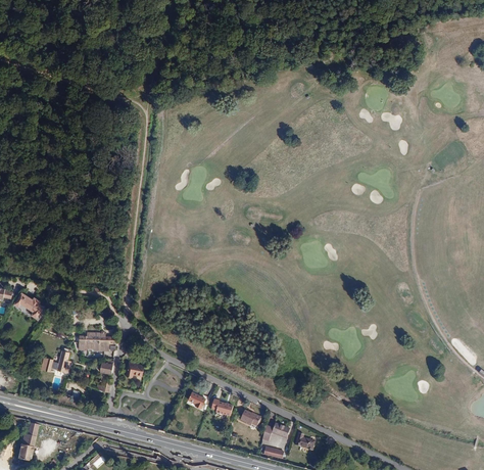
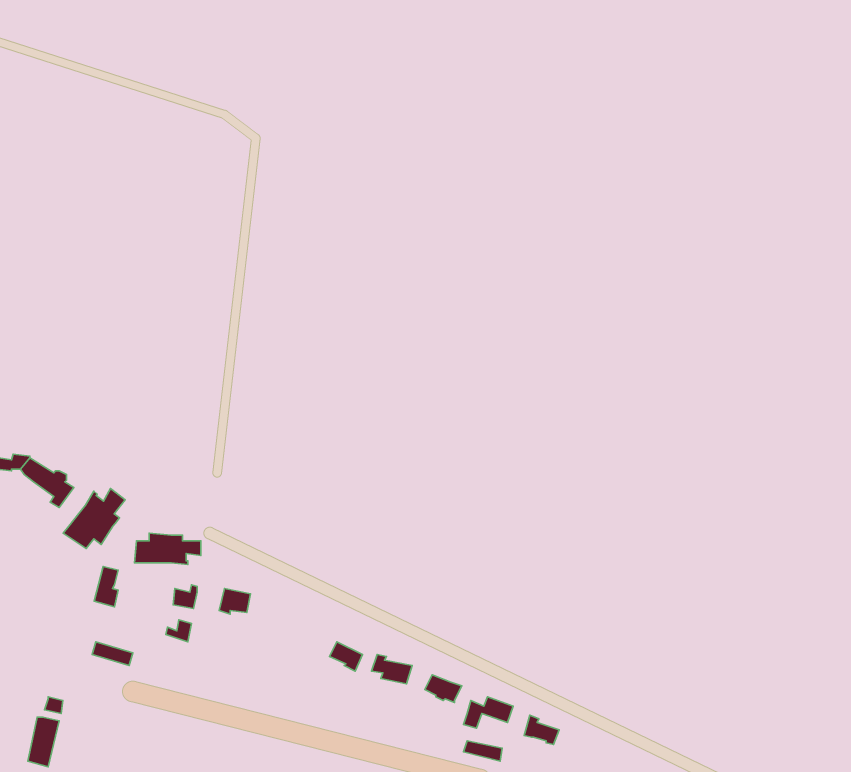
building: none -> [63,488,125,549]

